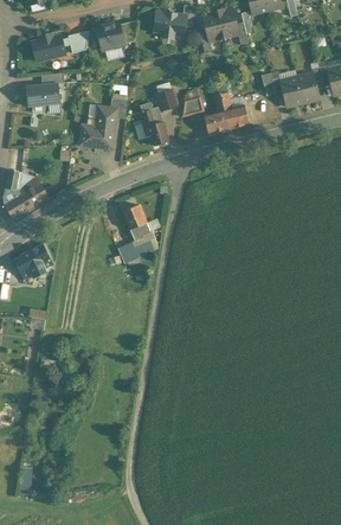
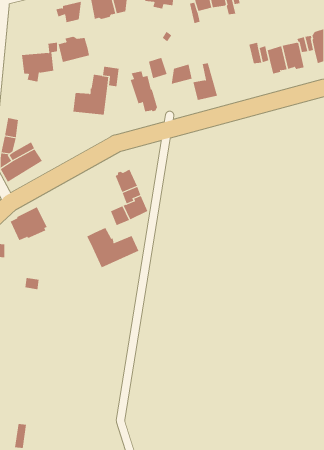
building: [31,33,64,60] -> [58,36,90,62]
building: [219,91,247,128] -> none
building: none -> [87,227,139,268]

